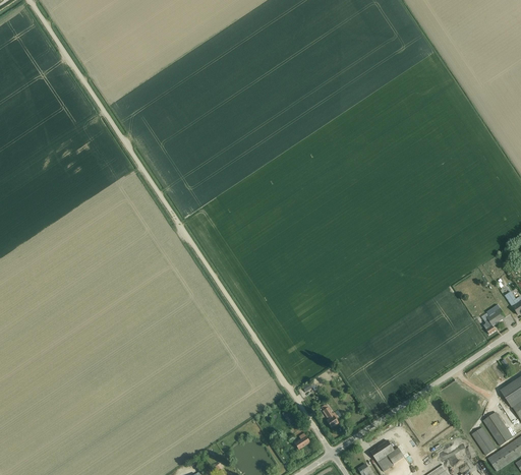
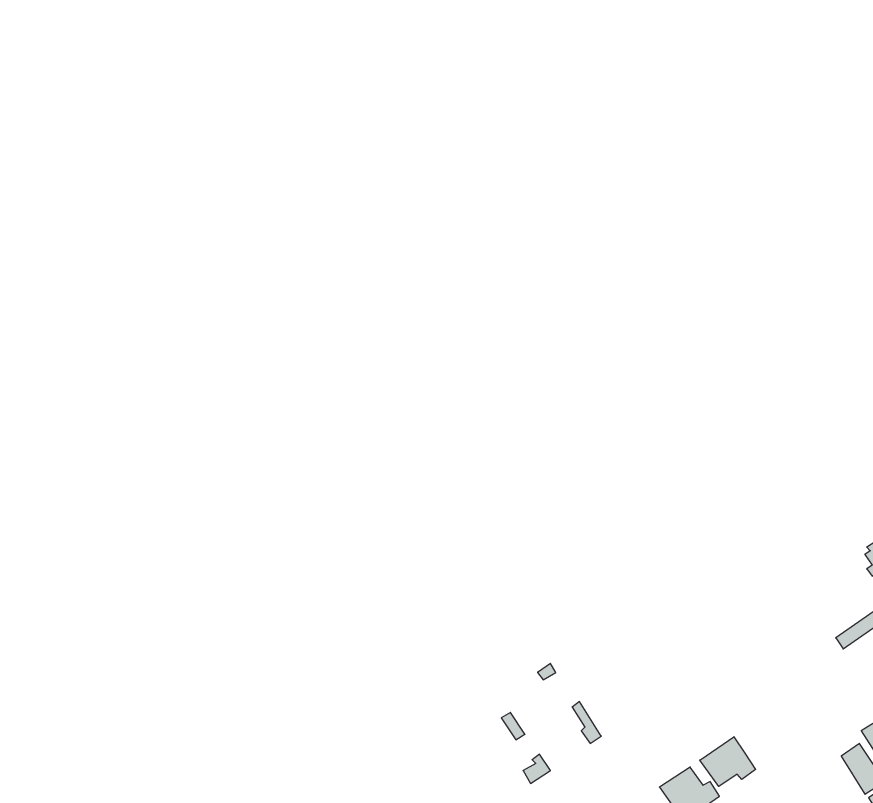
building: none -> [700,737,756,786]

